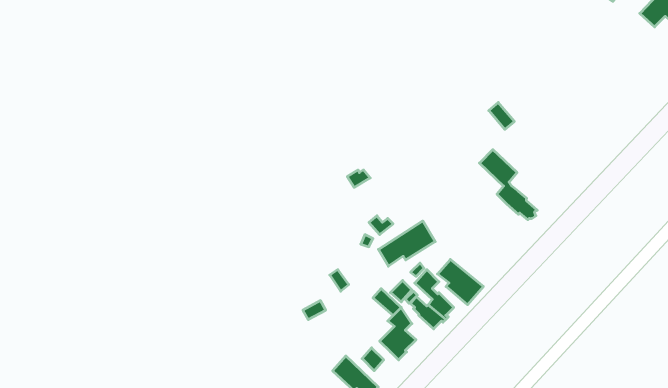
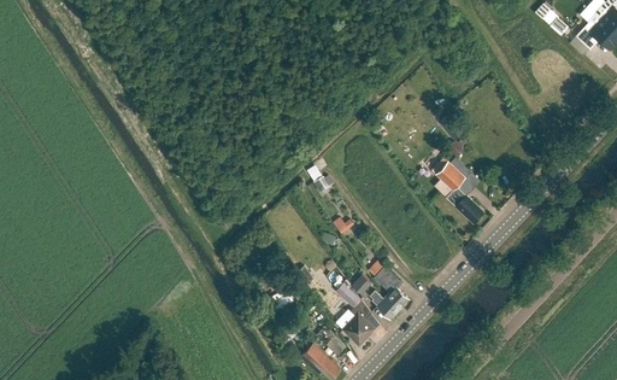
building: [378,221,435,266] -> none
building: [437,259,483,305] -> none

